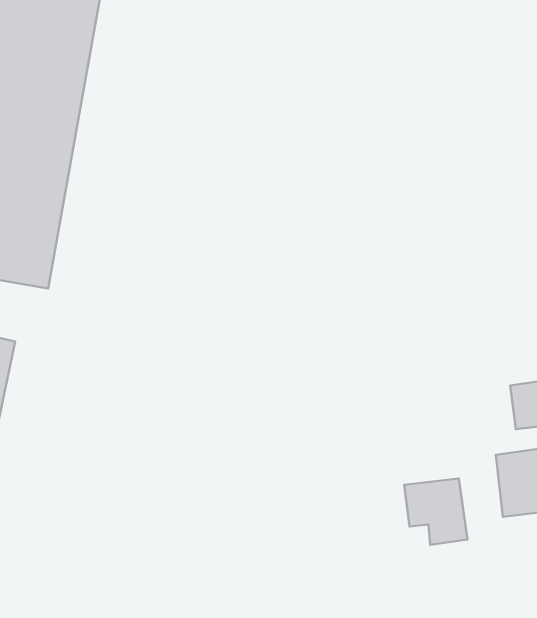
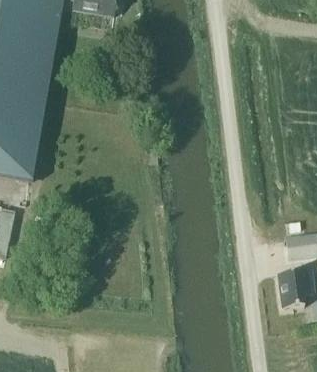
building: [404,479,468,545] -> none

